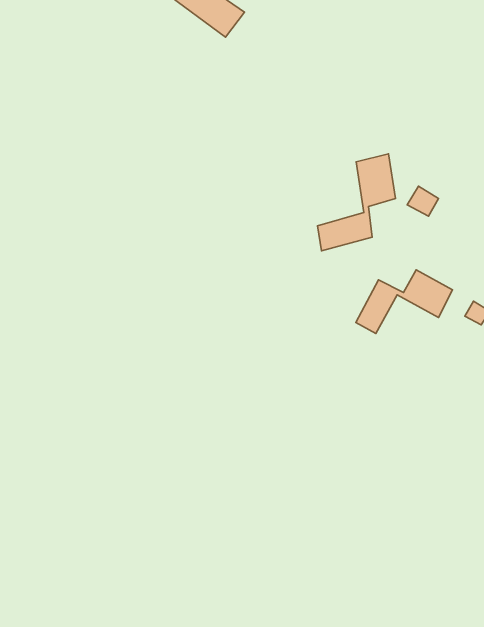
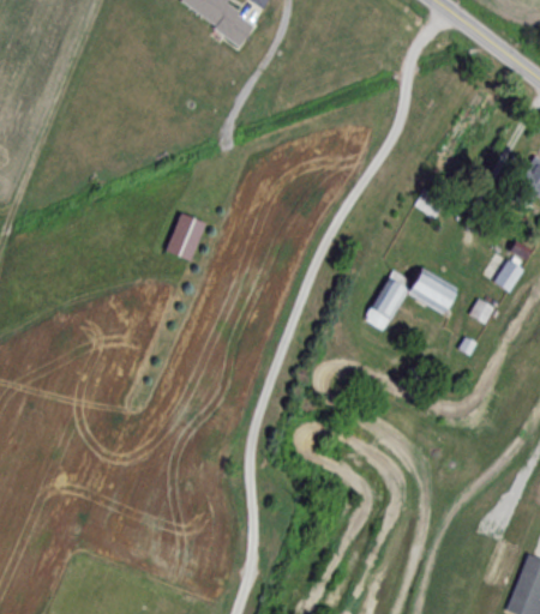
building: [318,154,395,251] -> none
building: none -> [164,212,206,261]

